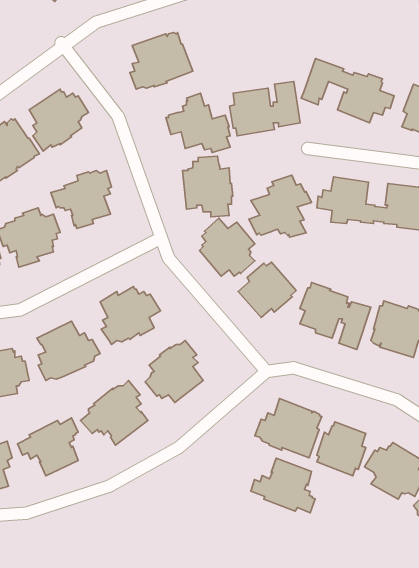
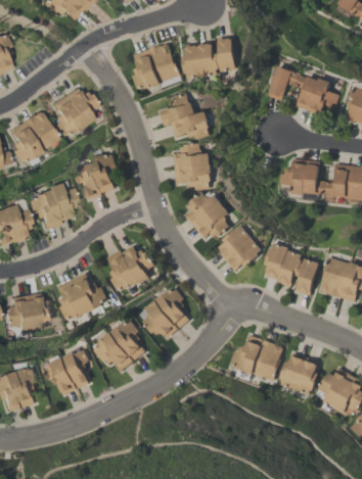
building: [229,82,300,136] -> [181,37,237,80]
building: [249,175,311,237] -> none
building: [251,458,315,513] -> none

